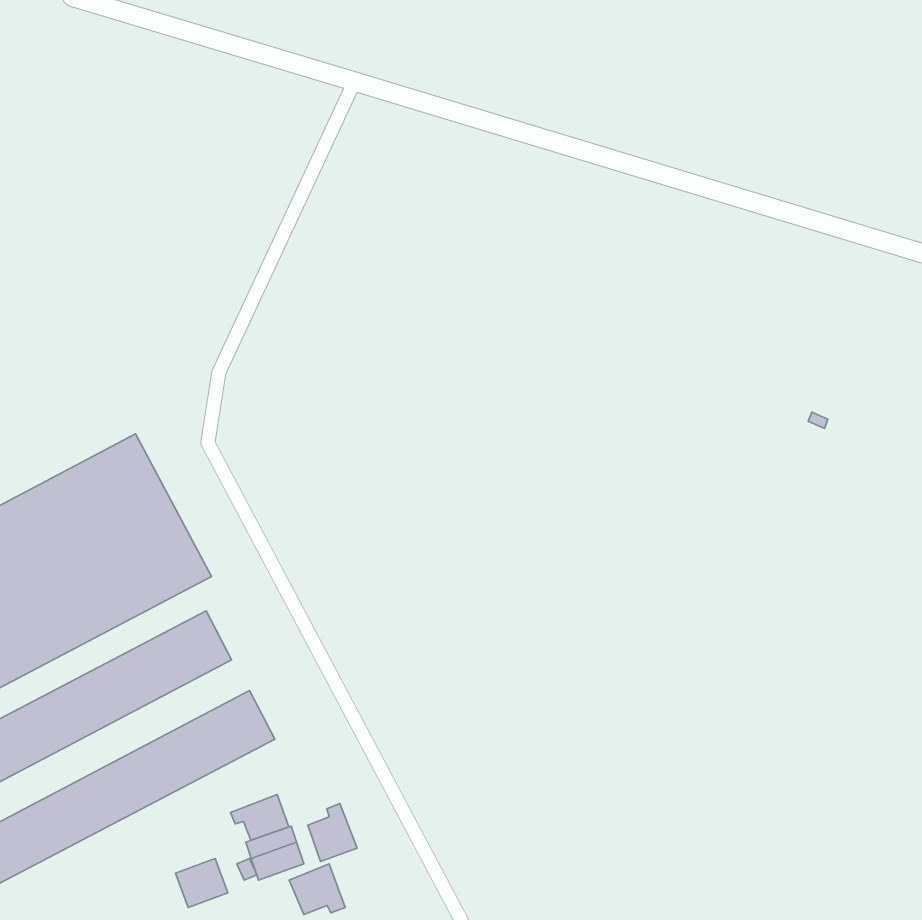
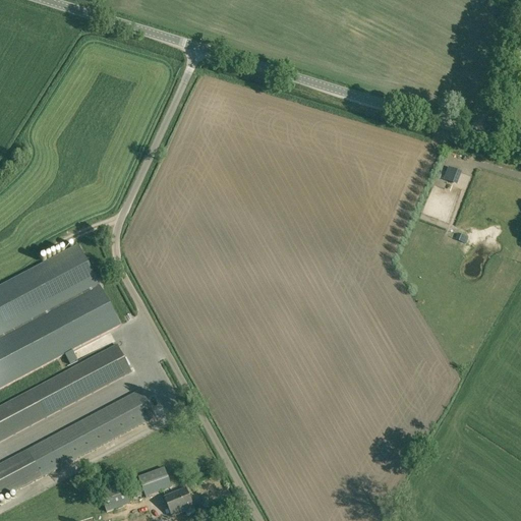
building: [231,794,289,840] -> none
building: [308,804,357,861] -> none

